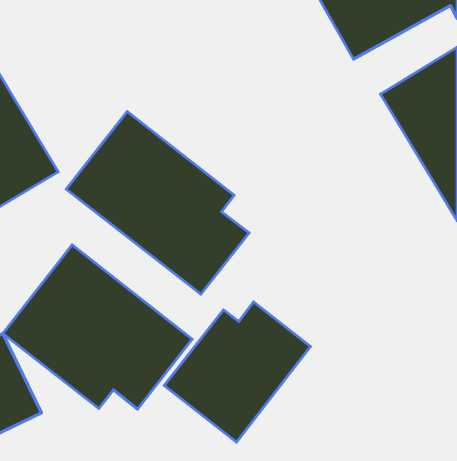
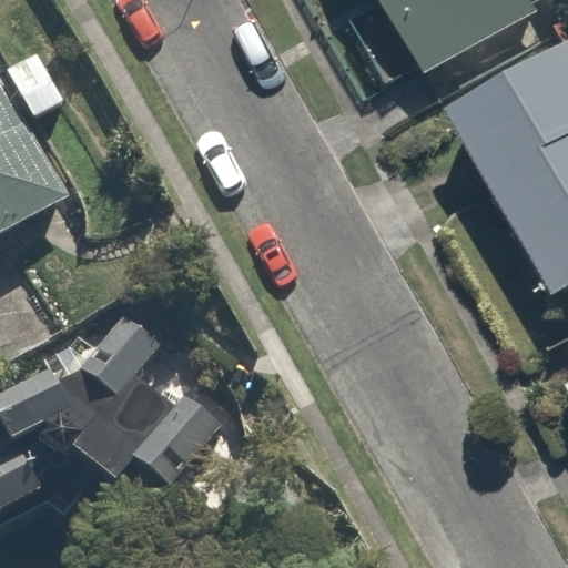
building: [66,111,249,294] -> none
building: [164,302,311,442] -> none

